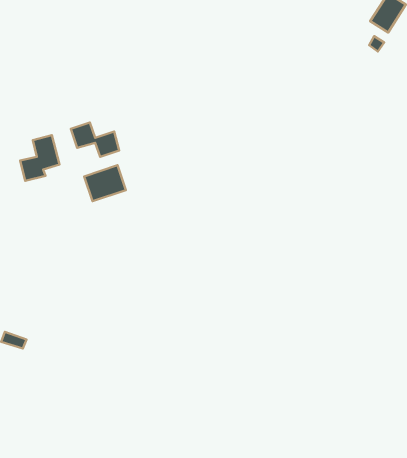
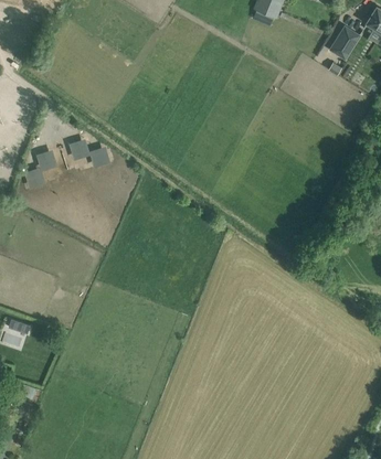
building: [84,165,126,201] -> none

